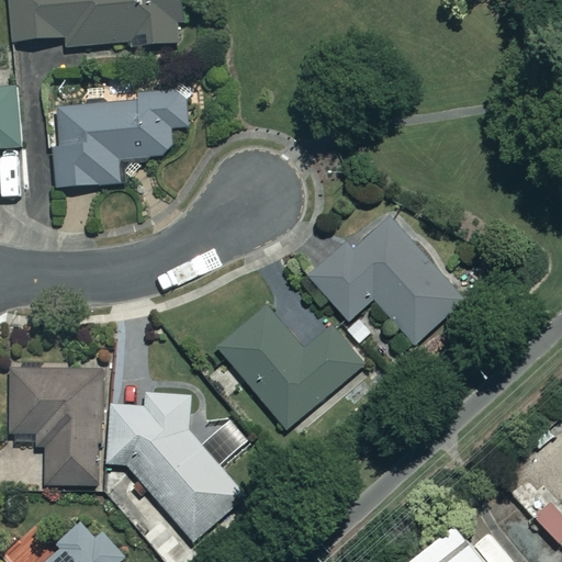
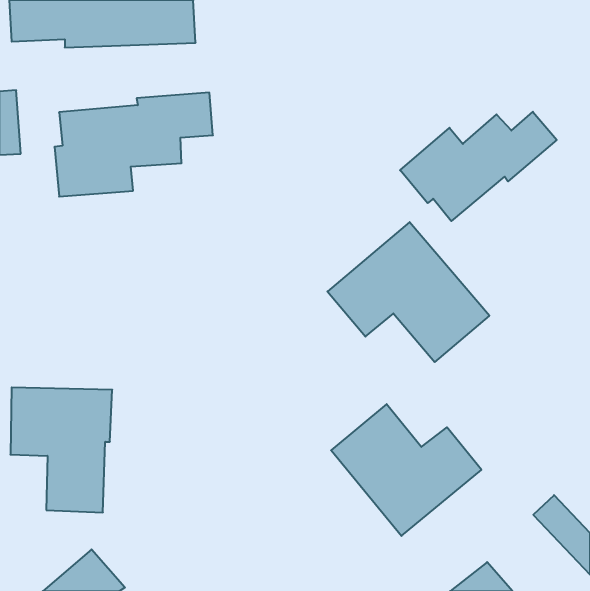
building: none -> [400,112,557,221]
building: [218,303,361,428] -> [331,404,481,536]
building: [105,392,245,541] -> none

